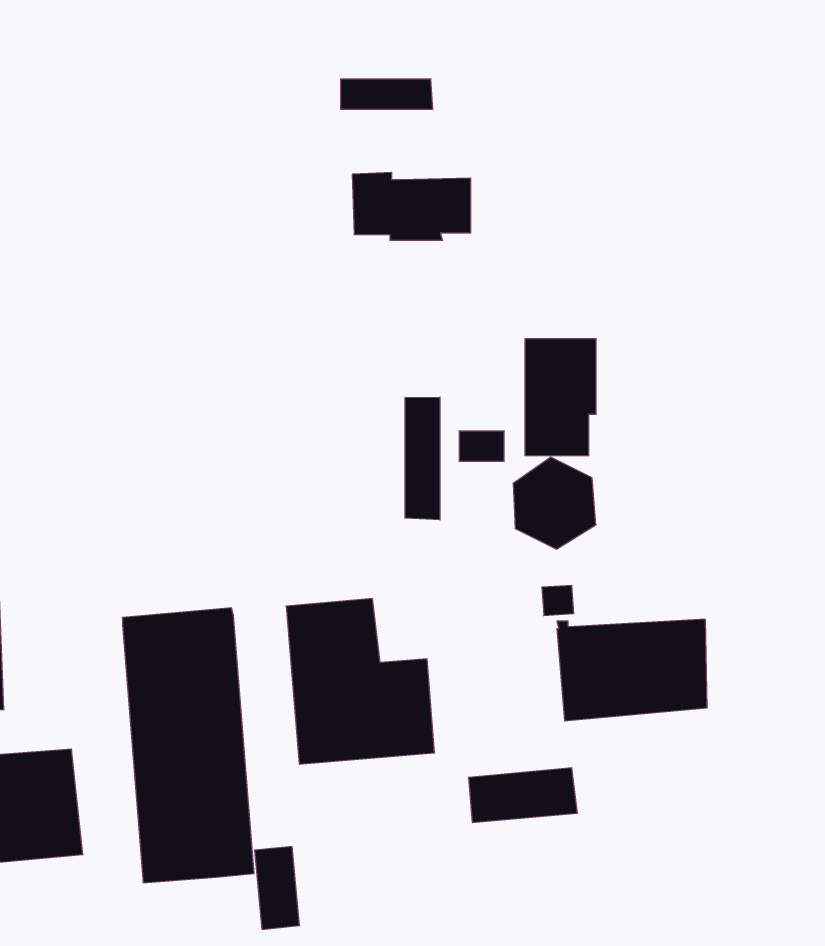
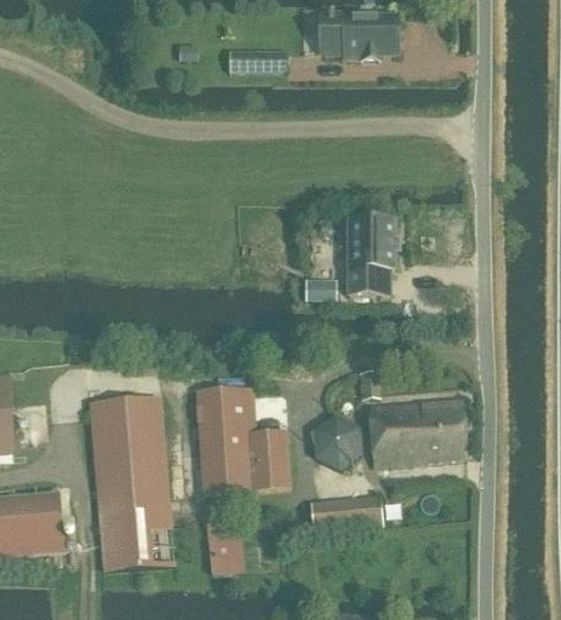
building: [352,172,471,240] -> [320,13,396,57]
building: [405,397,440,520] -> none
building: [513,457,596,549] -> [313,407,366,466]
building: [254,847,300,929] -> [206,522,235,575]

